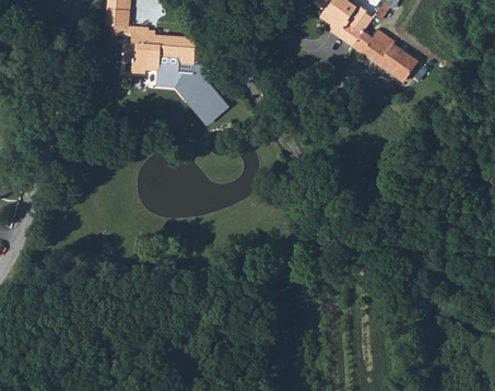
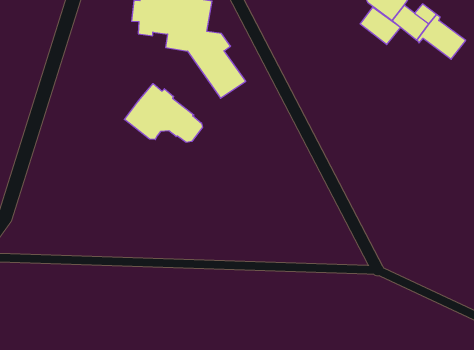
building: none -> [360,7,400,45]
building: none -> [124,84,203,142]

